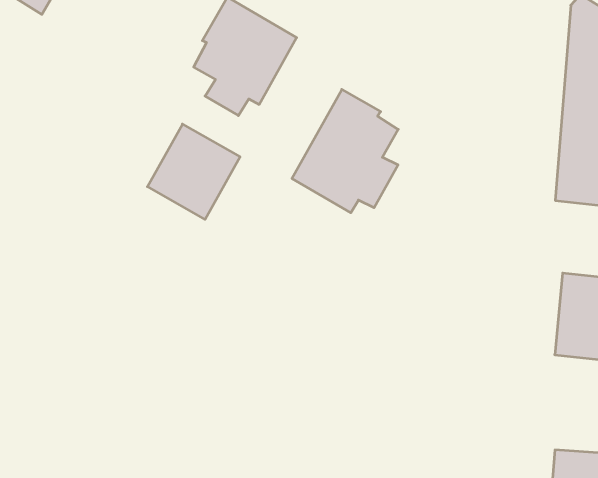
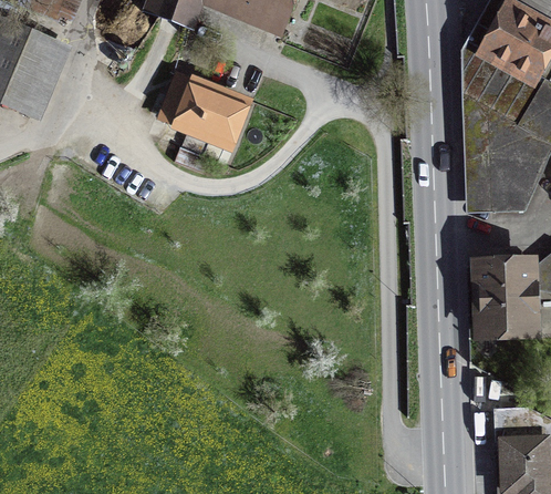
building: [292,89,398,213] -> none
building: [147,124,240,219] -> none

